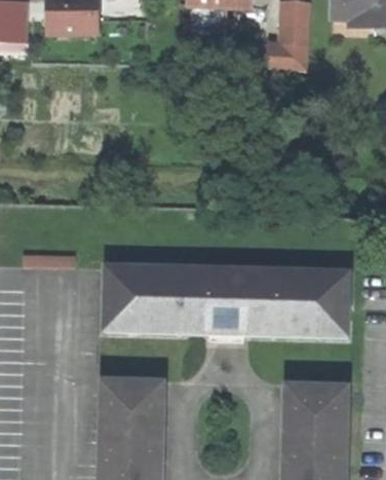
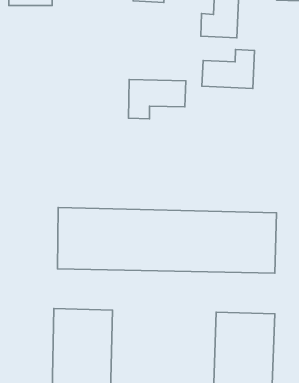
building: none -> [202,50,254,89]
building: none -> [128,79,186,119]

